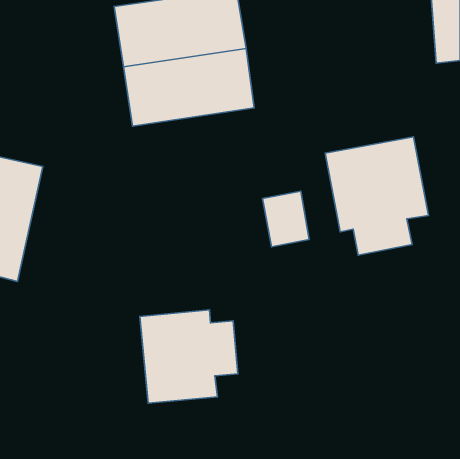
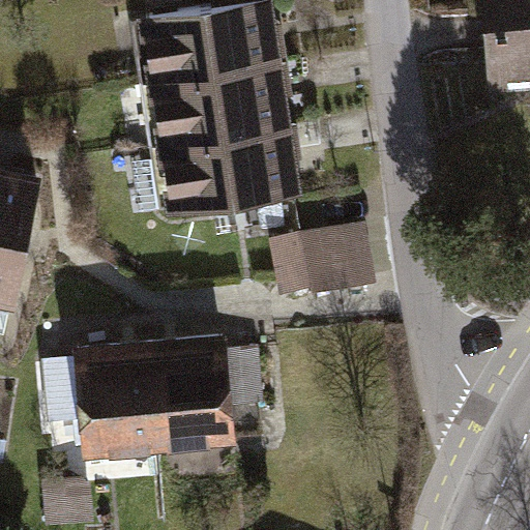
building: none -> [150,122,298,210]
building: [325,137,429,255] -> none
building: none -> [51,358,168,464]

